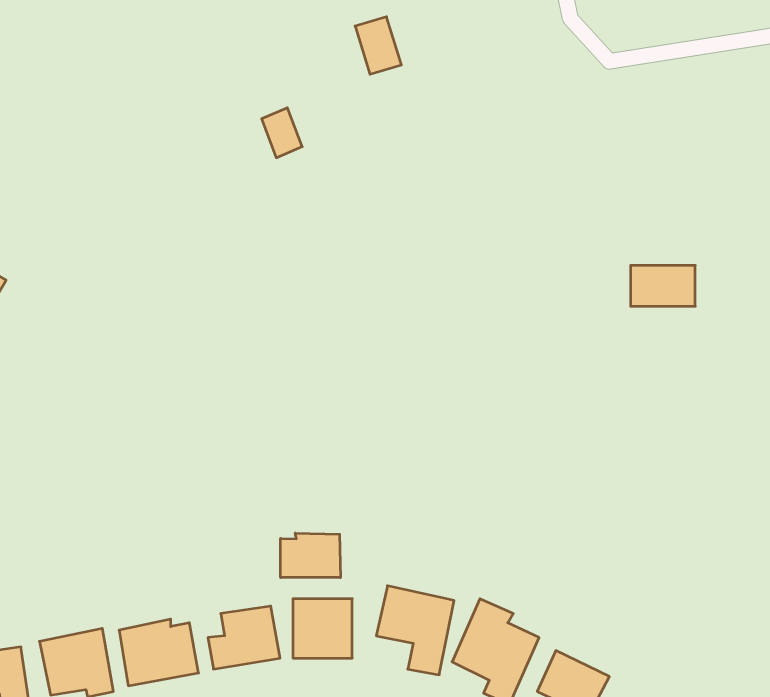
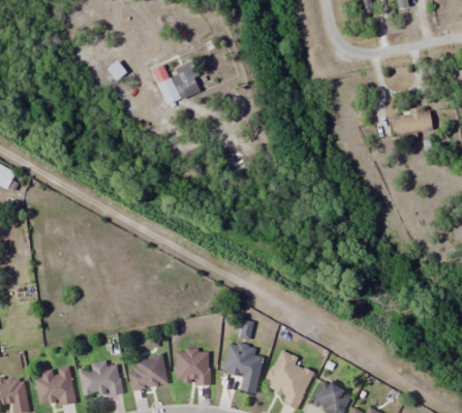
building: [355,17,401,74] -> [175,61,201,93]
building: [631,265,695,306] -> [396,110,432,133]
building: [281,533,340,578] -> none

